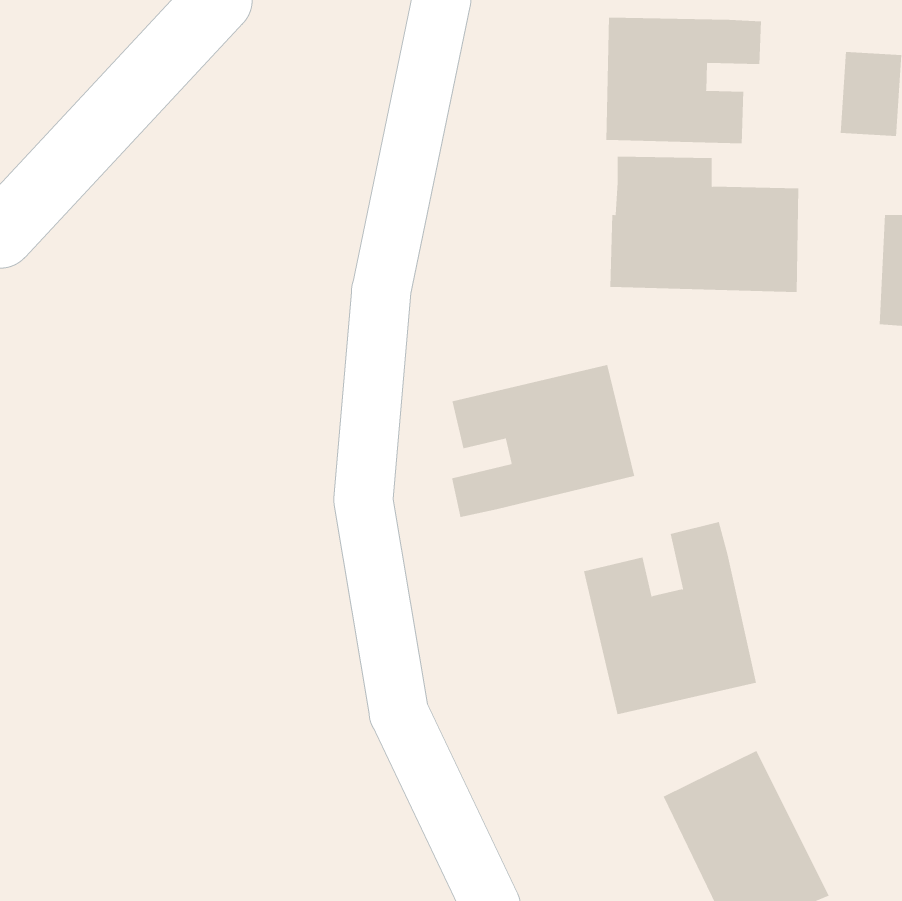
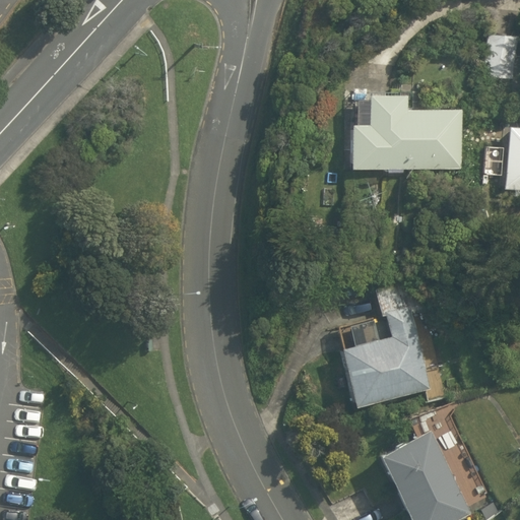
building: [606,17,762,144] -> none
building: [452,364,635,518] -> none

